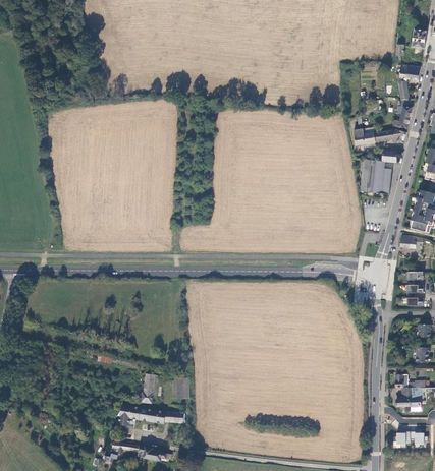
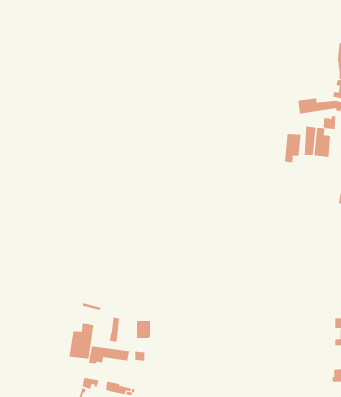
building: none -> [284,133,301,163]
building: none -> [69,323,94,360]

